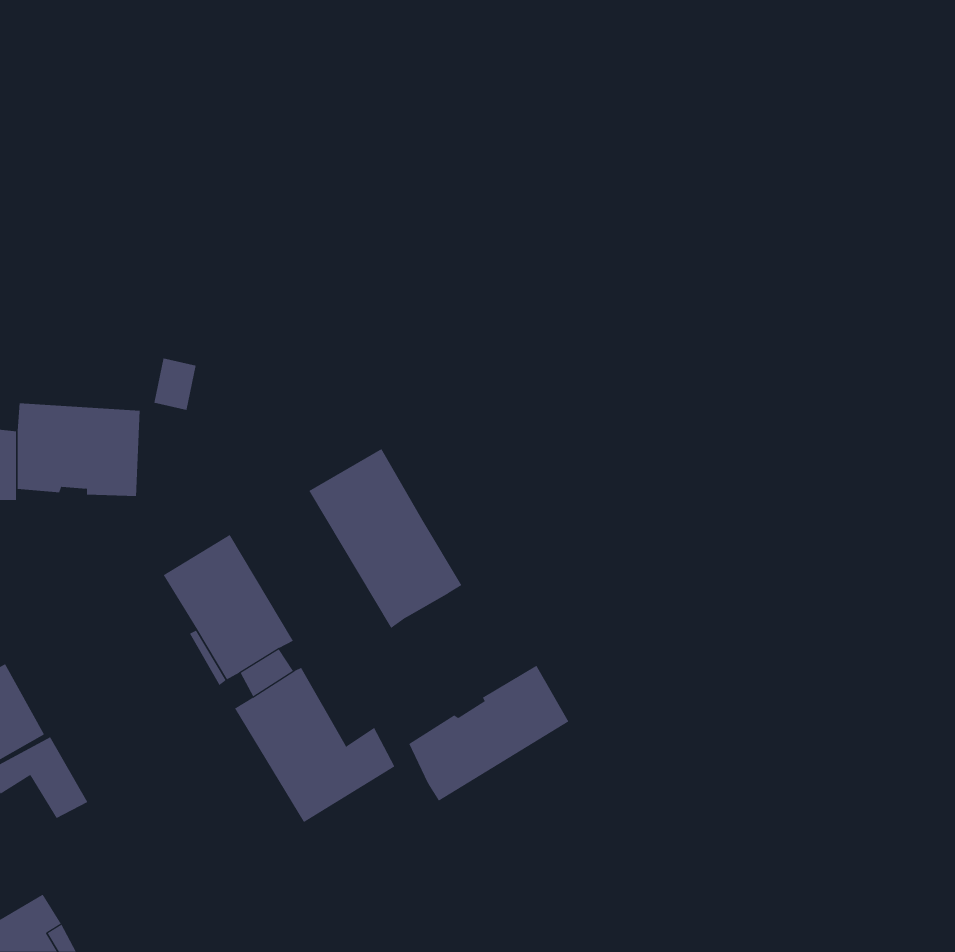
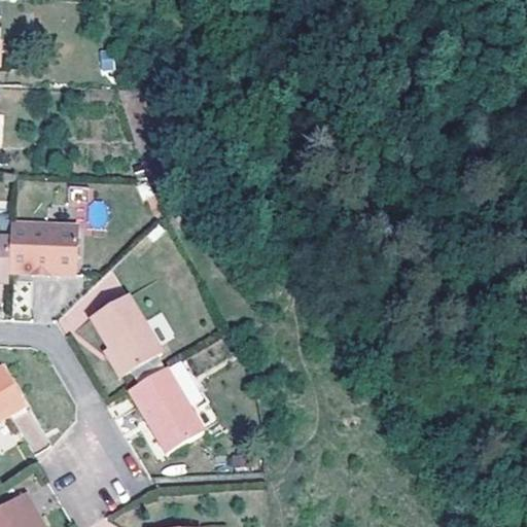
building: [308,448,462,629] -> none
building: [408,665,569,802] -> none

